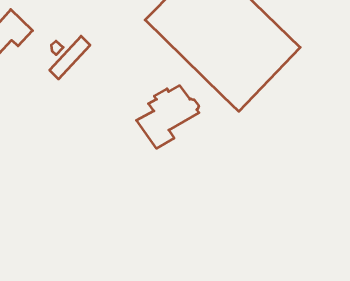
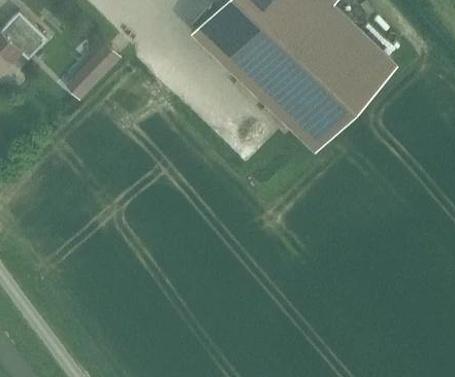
building: [136,86,199,148] -> none

